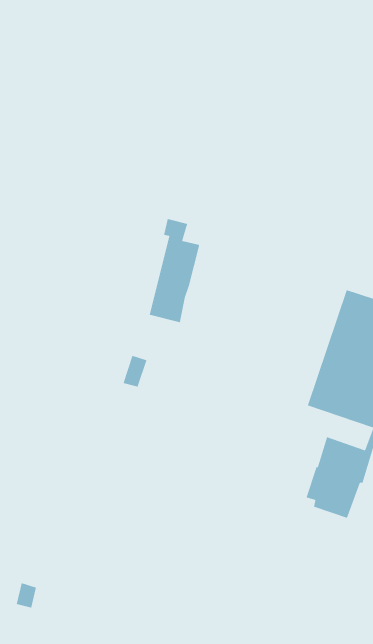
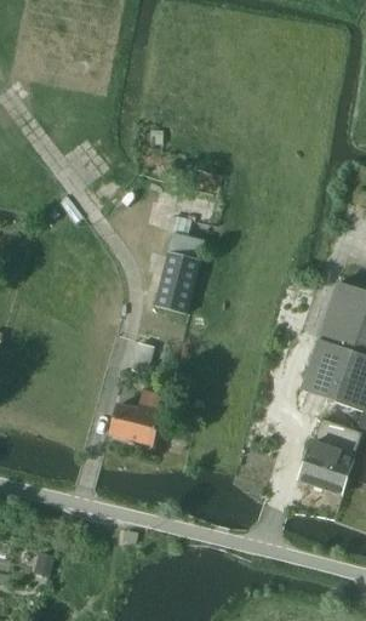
building: none -> [108,389,160,445]

